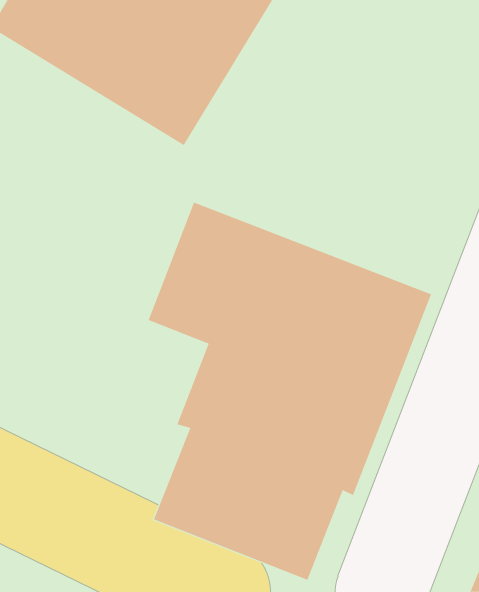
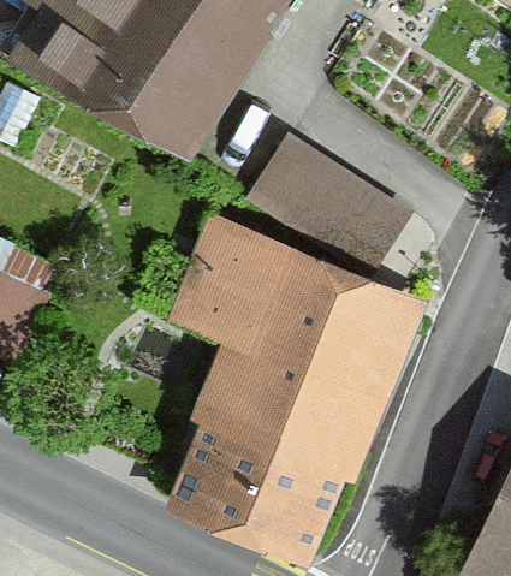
building: none -> [246,136,414,275]

